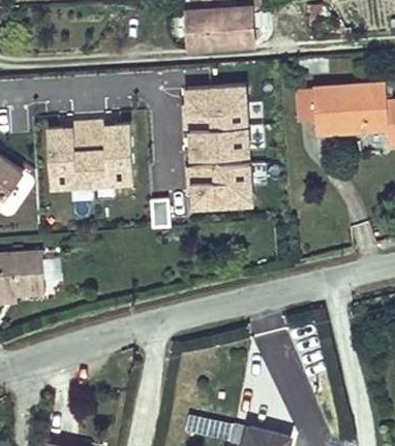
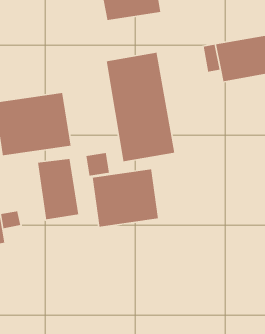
building: none -> [37,158,79,220]
building: none -> [92,168,159,228]

